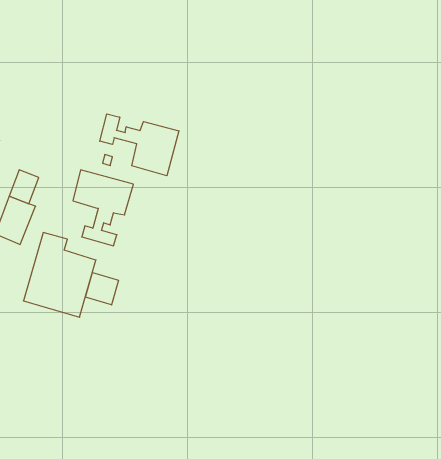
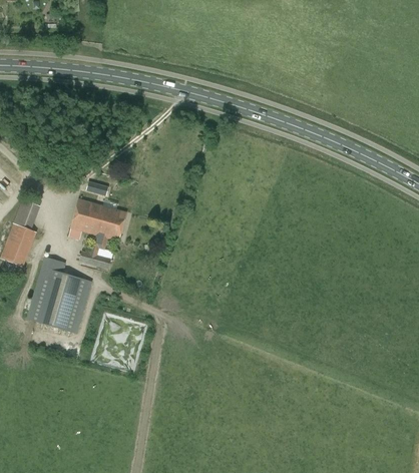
building: [100,114,179,176] -> none
building: [85,273,119,305] -> none

